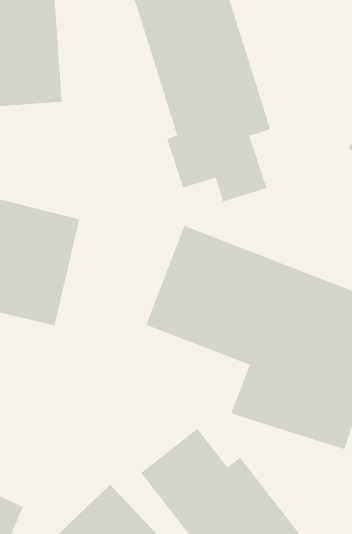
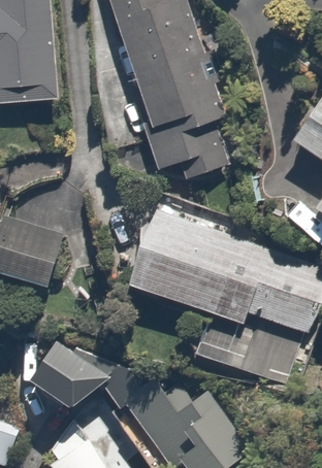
building: none -> [31,341,105,411]

